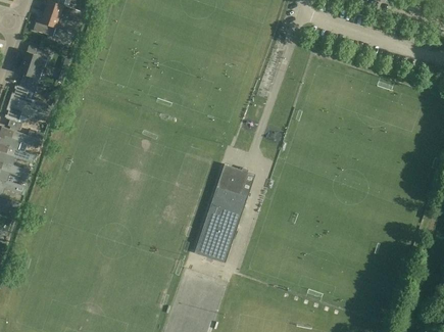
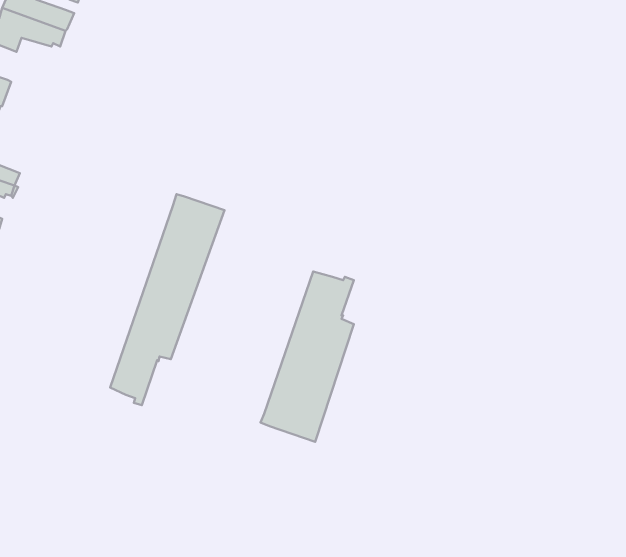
building: none -> [110,194,224,405]

